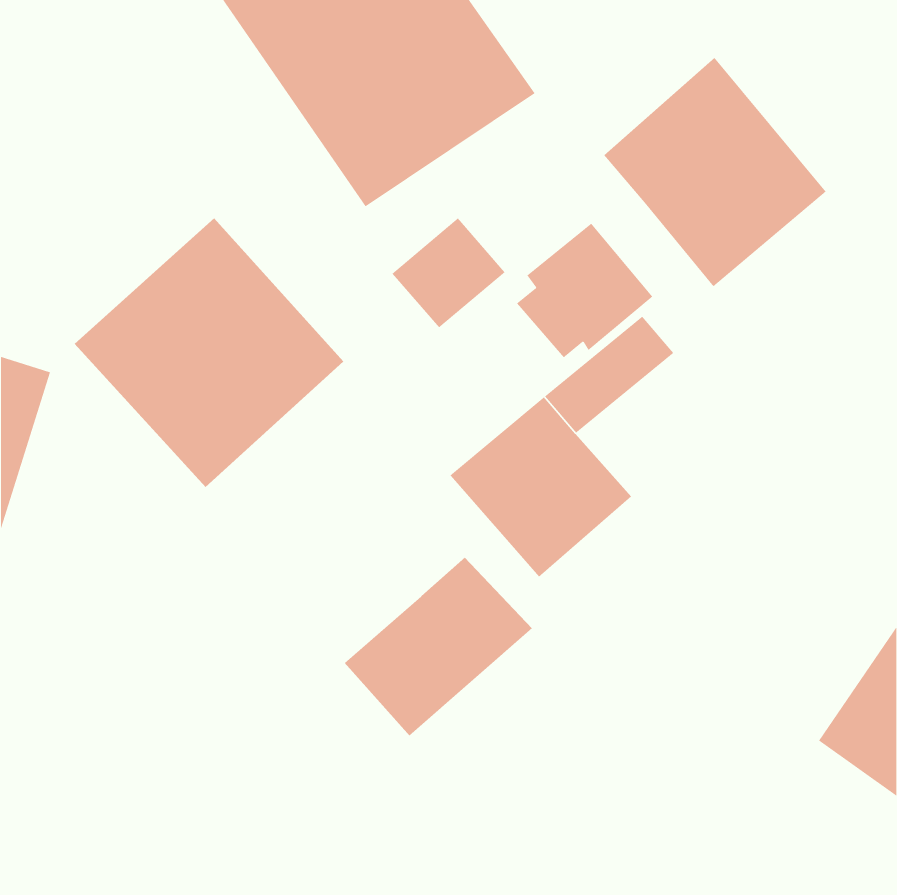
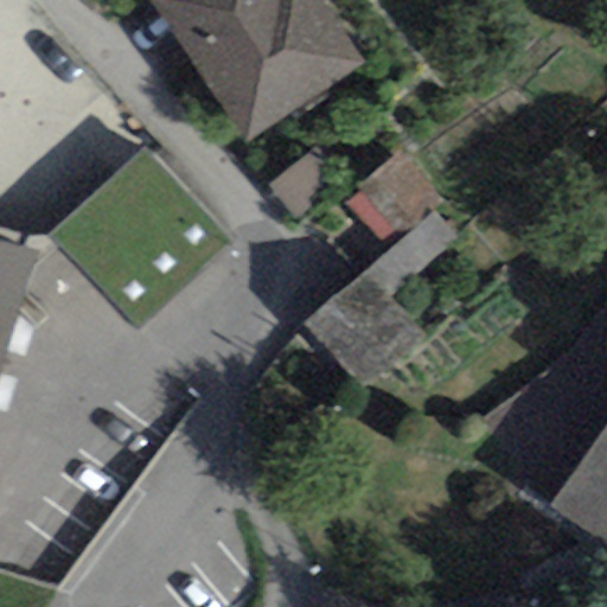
building: [603,57,827,287] -> none
building: [344,557,533,737] -> none

